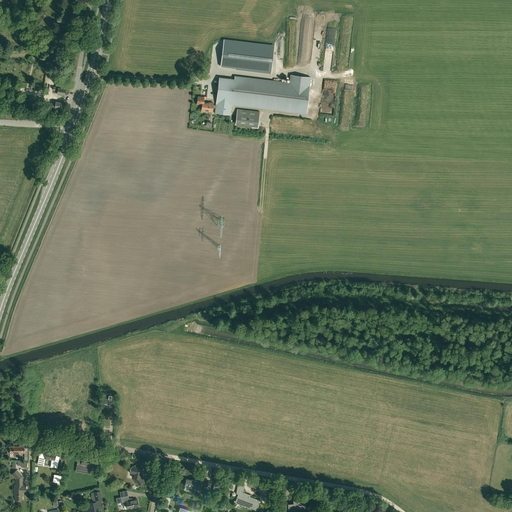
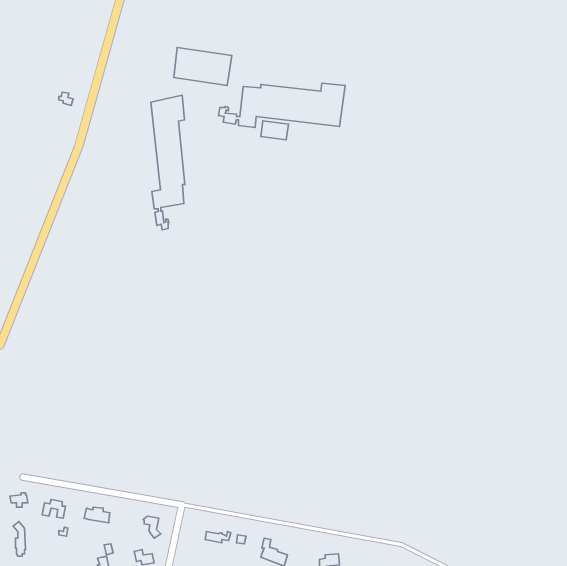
building: [222,40,274,74] -> [174,48,232,85]
building: none -> [151,95,185,230]

